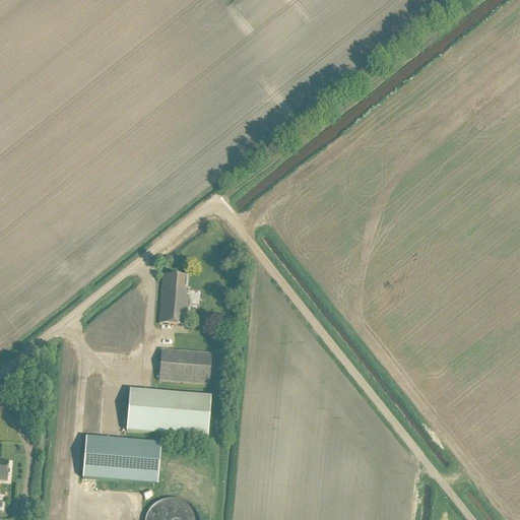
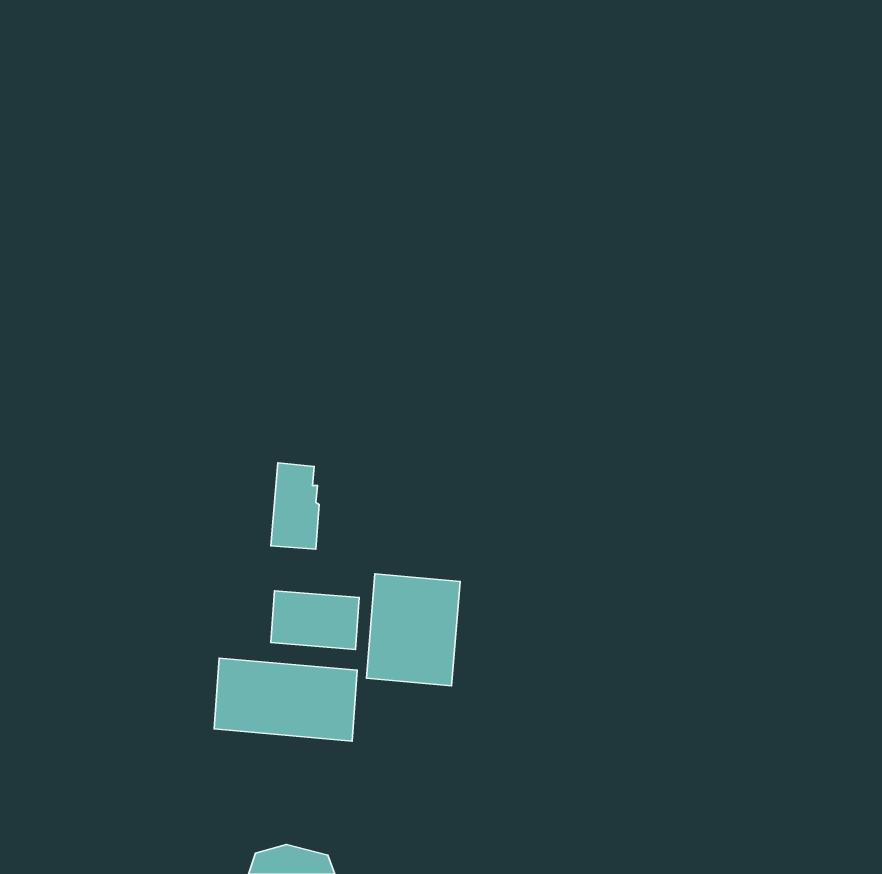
building: none -> [366,574,460,686]
building: [82,436,160,482] -> none

